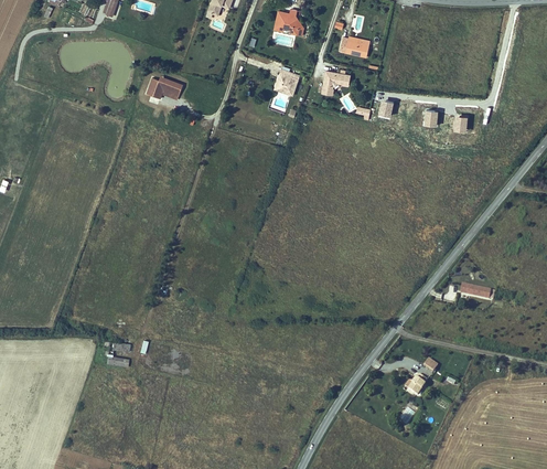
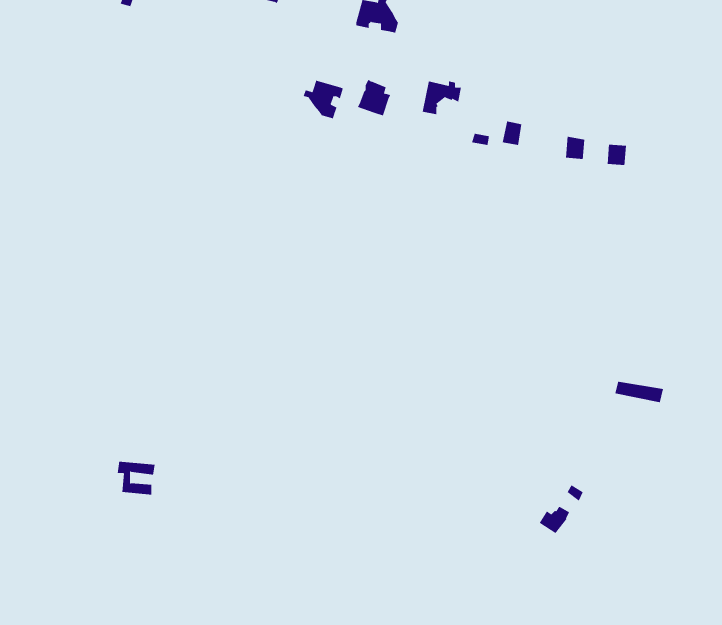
building: [340,38,371,57] -> none
building: none -> [303,80,343,119]
building: [146,76,183,99] -> none

